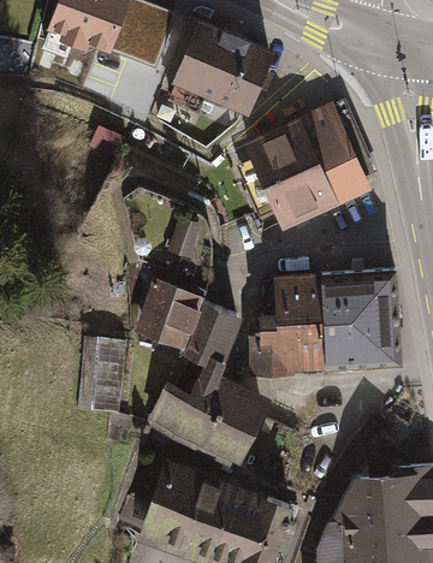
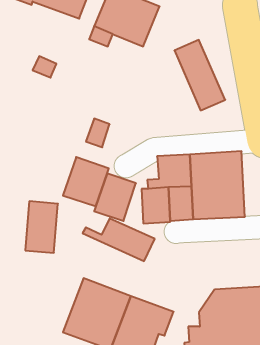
building: [244,119,336,230] -> none
building: [146,387,253,467] -> none

